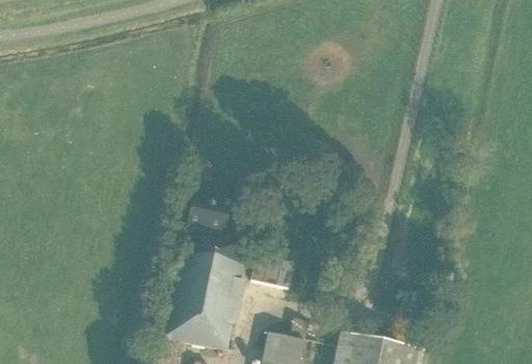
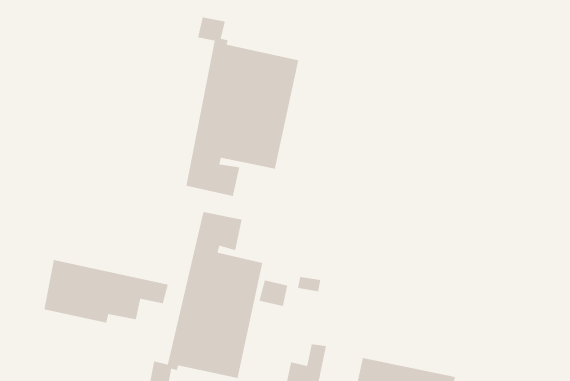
building: none -> [186,17,299,197]
building: none -> [44,259,169,323]

